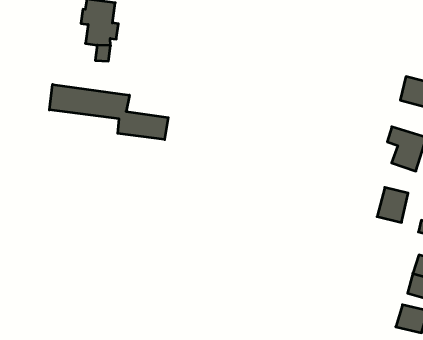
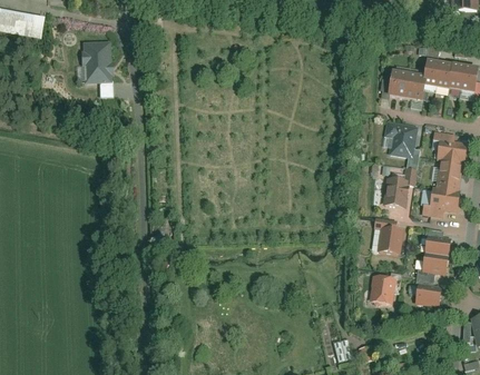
building: [49,84,168,140] -> none
building: none -> [373,219,403,257]
building: none -> [369,276,395,306]

